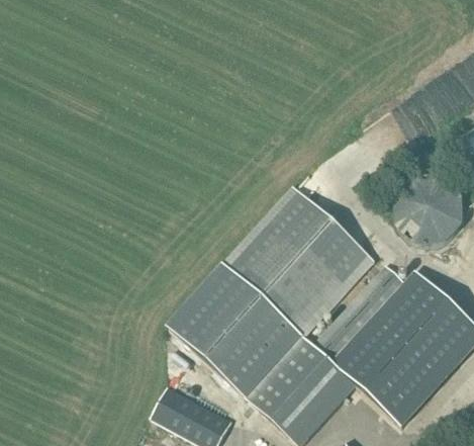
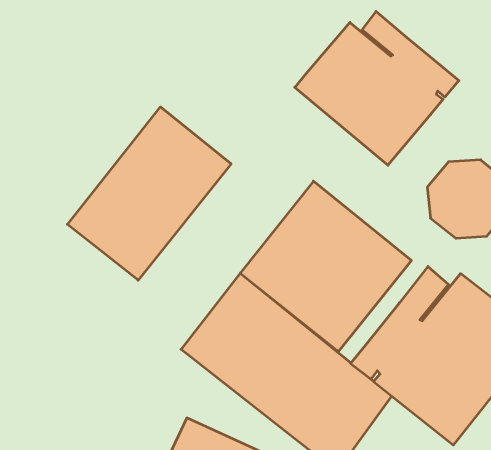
building: none -> [295,11,459,165]
building: none -> [67,107,231,280]

